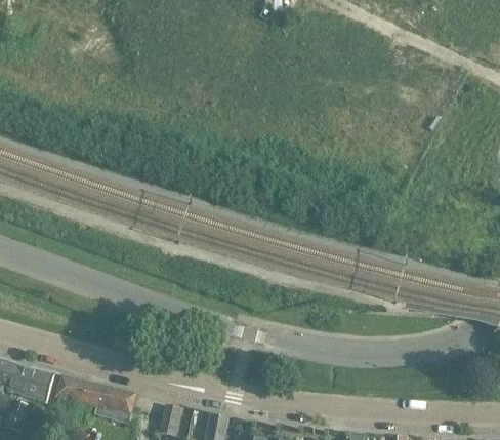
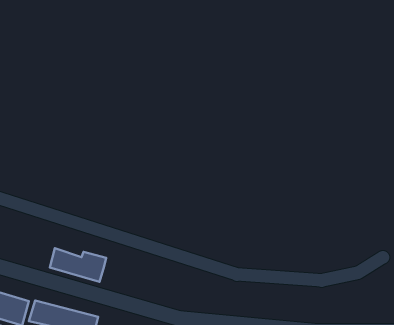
building: none -> [50,248,106,282]

